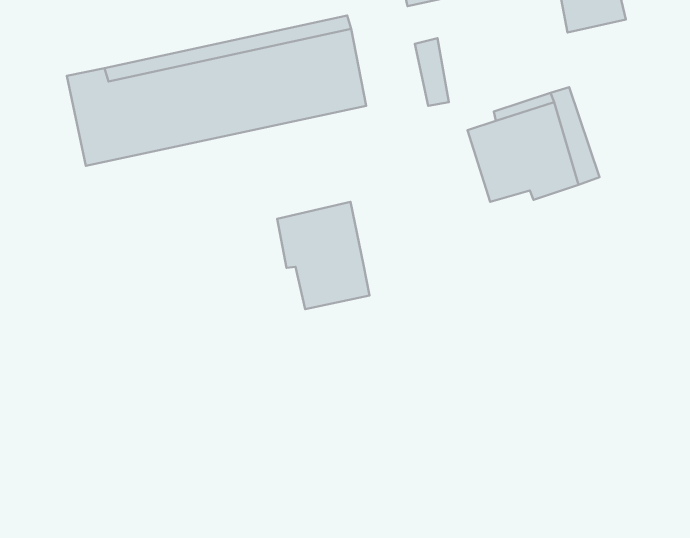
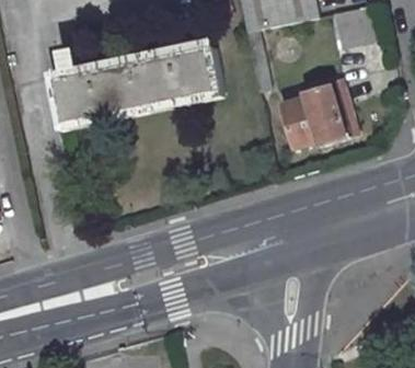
building: [277,202,369,309] -> none

